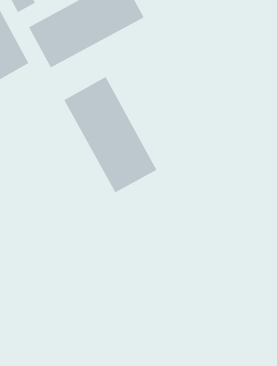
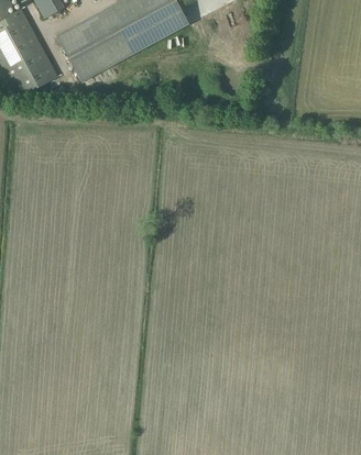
building: [64,76,157,193] -> none

